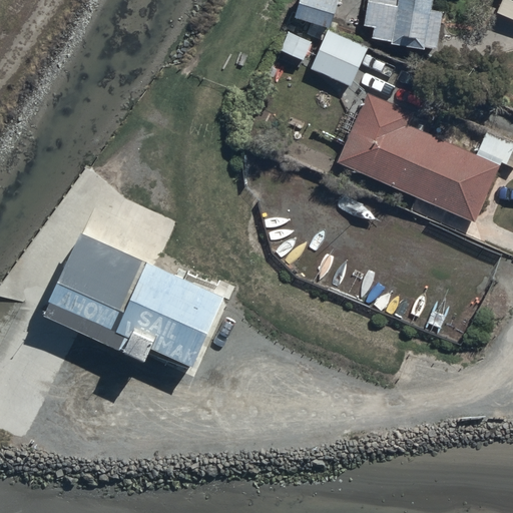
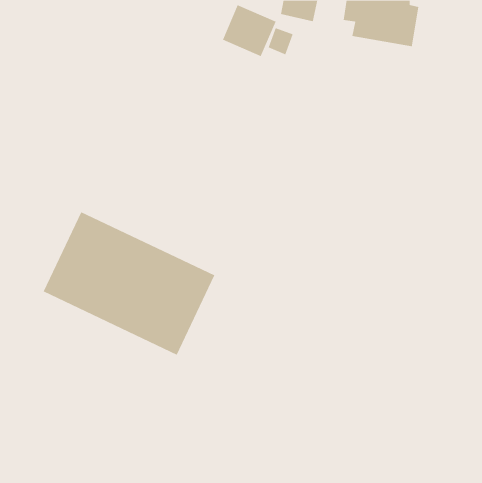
building: [307,29,364,84] -> [222,5,276,57]
building: [337,95,495,219] -> none

